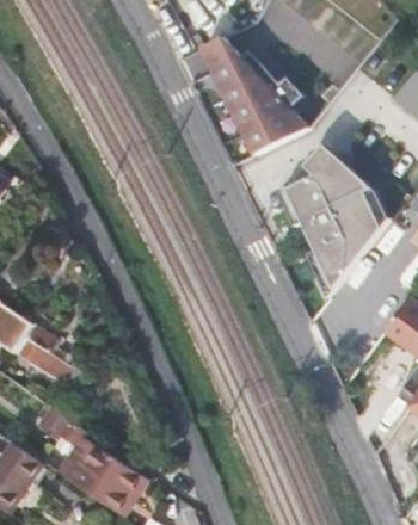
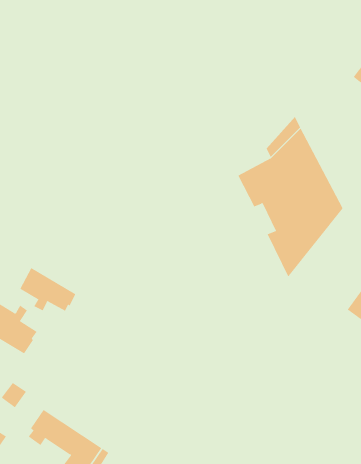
building: [201,38,308,154] -> none
building: none -> [19,267,76,312]

